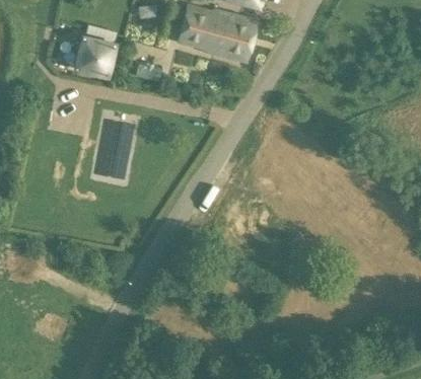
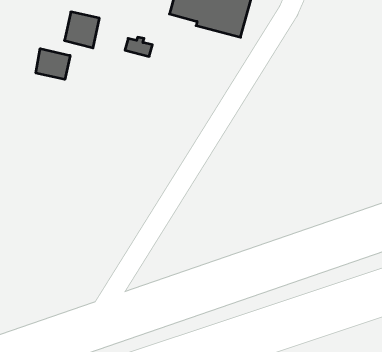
building: none -> [36,49,70,79]

